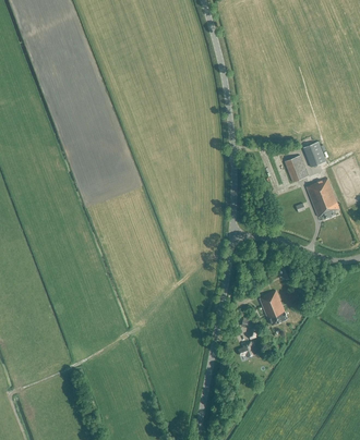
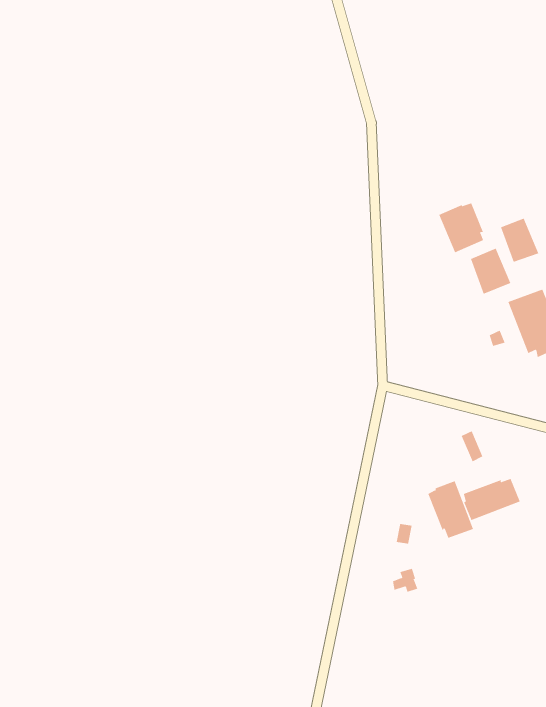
building: none -> [439,203,484,253]
building: none -> [463,478,521,521]

